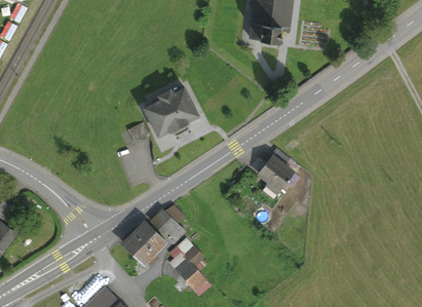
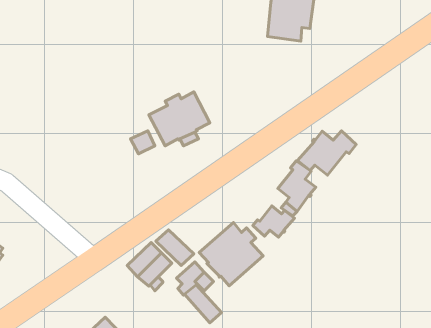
building: none -> [298,131,356,175]
building: none -> [253,206,295,237]
building: none -> [199,223,263,286]

